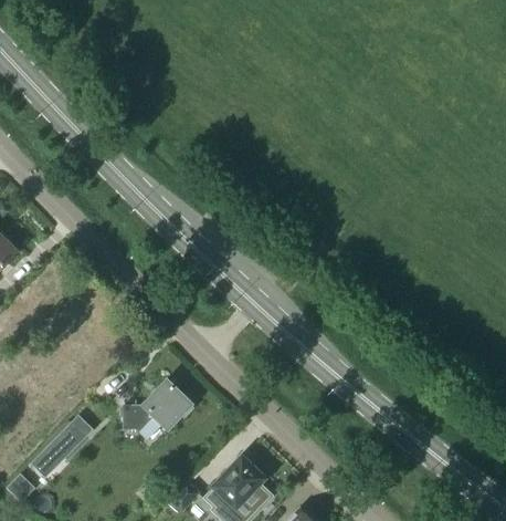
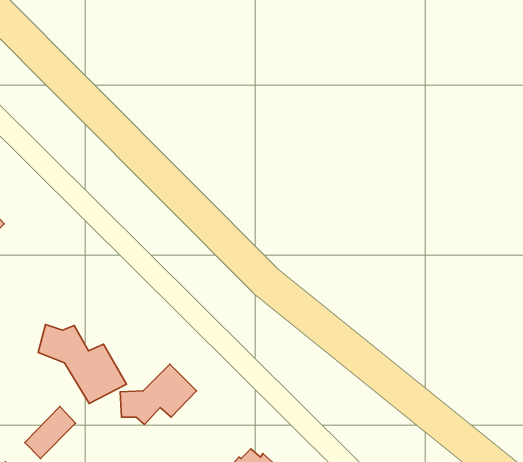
building: none -> [38,324,127,403]

